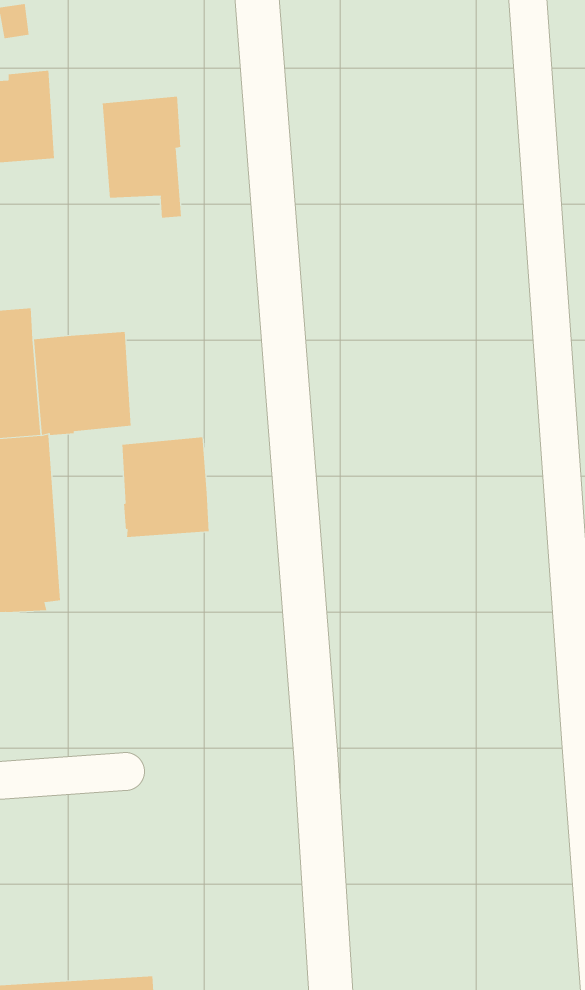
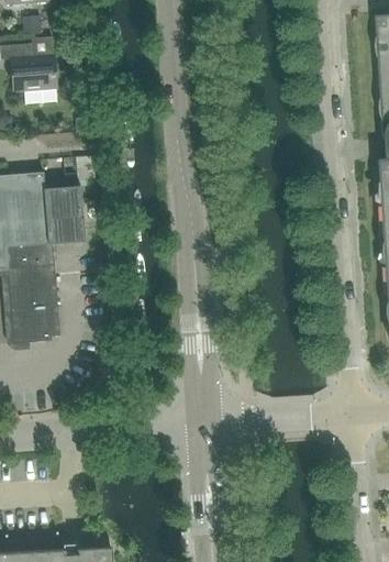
building: [102,96,182,218] -> none
building: [122,437,209,538] -> none

